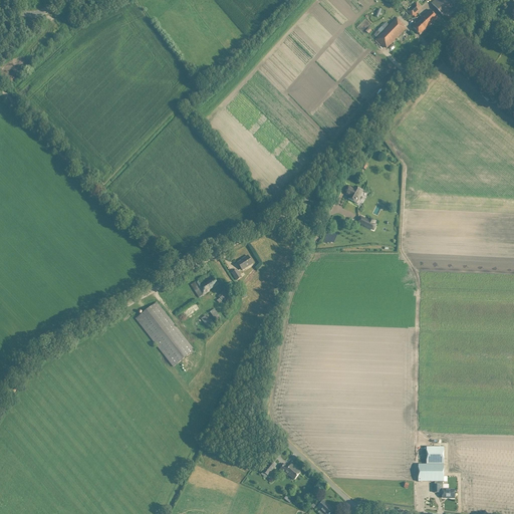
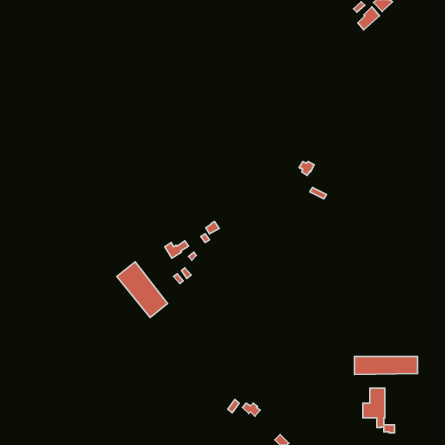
building: [374,17,405,47] -> none
building: none -> [354,357,418,375]

